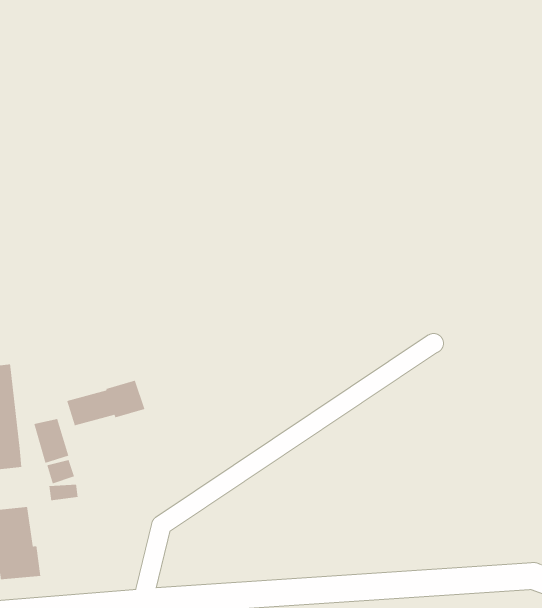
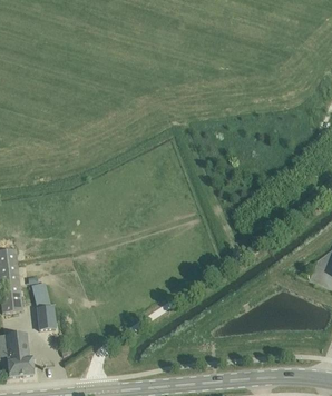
building: [66,380,145,426] -> none

